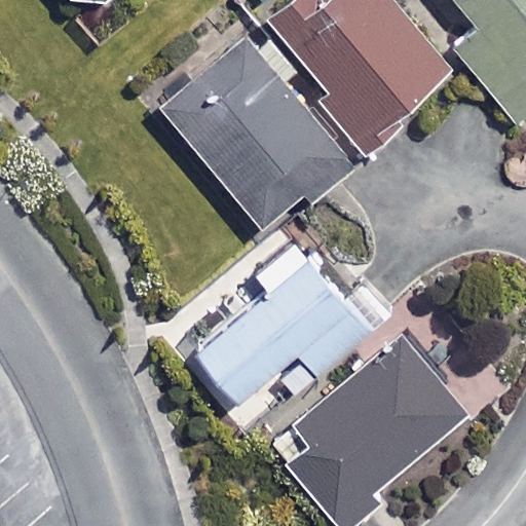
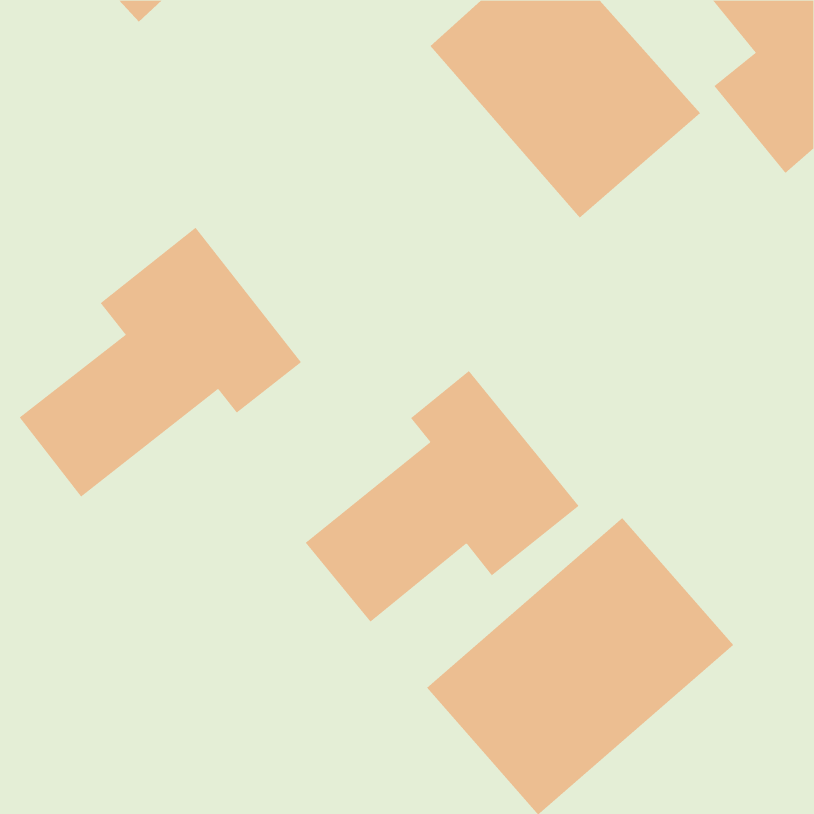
building: [159,37,345,232] -> none
building: none -> [19,227,302,498]

